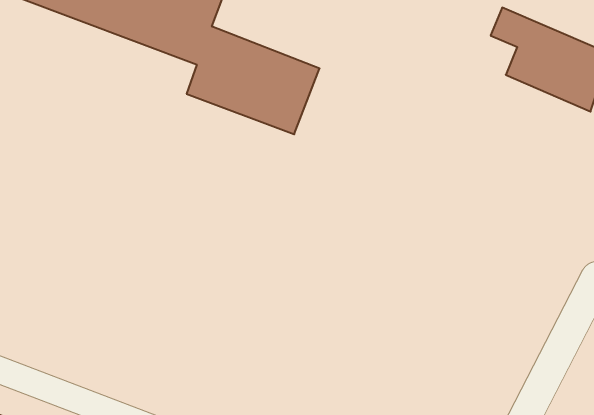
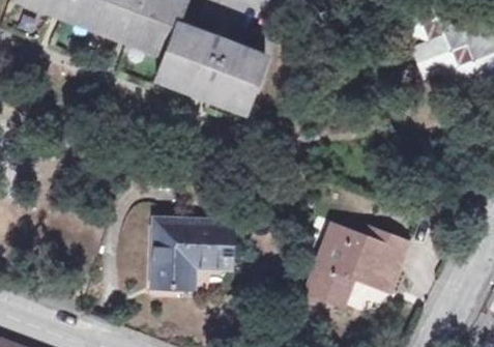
building: none -> [153,222,230,292]
building: none -> [309,228,405,302]

